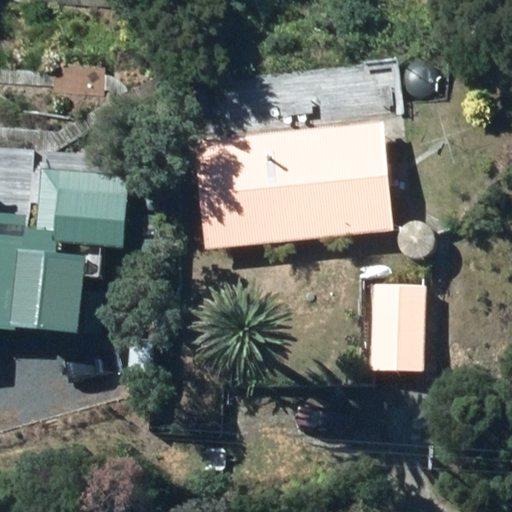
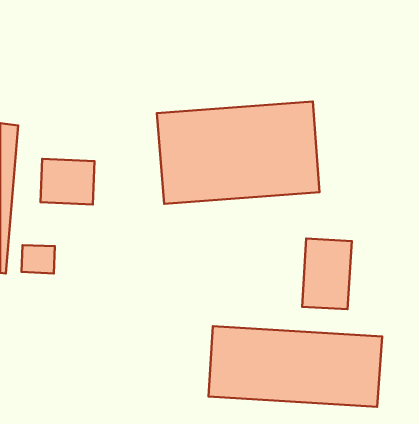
building: none -> [209,326,382,407]

